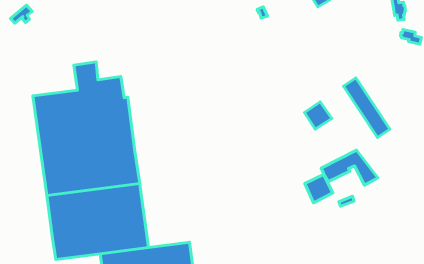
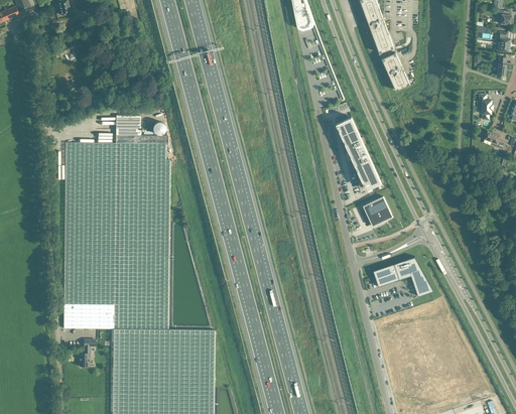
building: [343,78,390,137] -> [336,118,380,187]
building: [305,174,333,203] -> none

